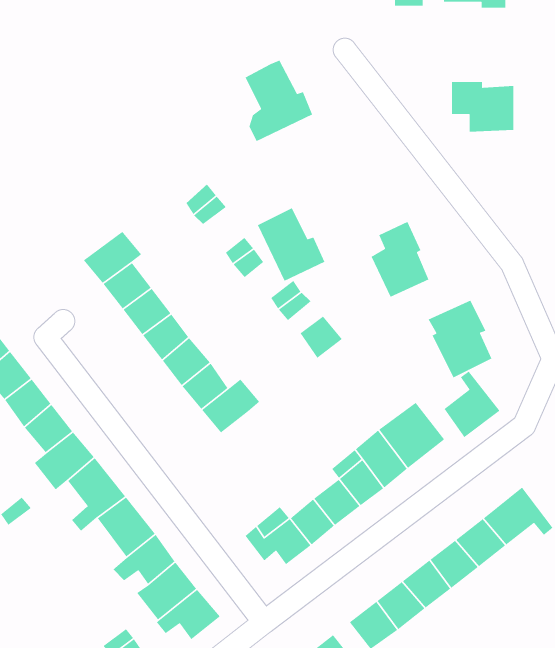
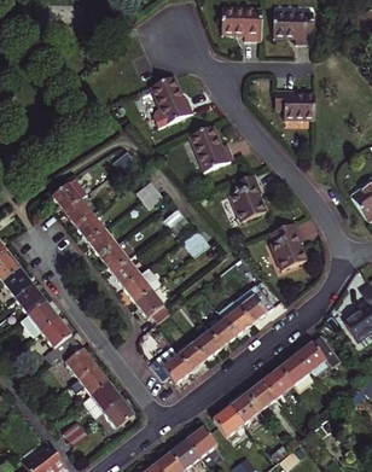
building: [257,207,326,282] -> [190,122,232,168]
building: [444,371,501,438] -> none
building: none -> [136,290,178,320]

